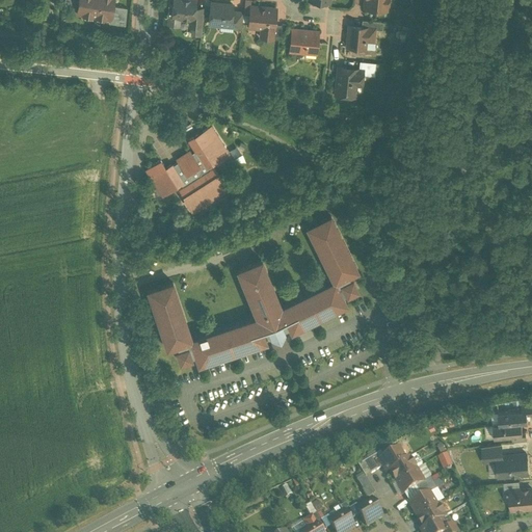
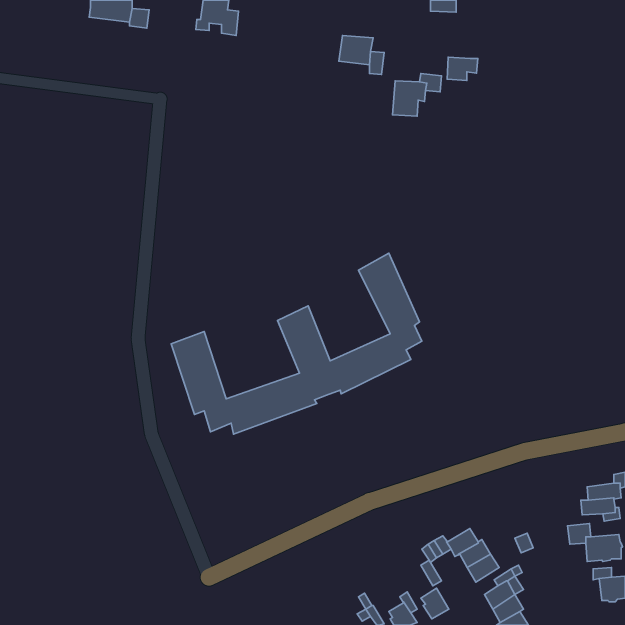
building: [209,4,242,30] -> none
building: [249,8,275,41] -> none
building: [347,29,373,49] -> [447,57,478,80]
building: [149,136,229,214] -> none

